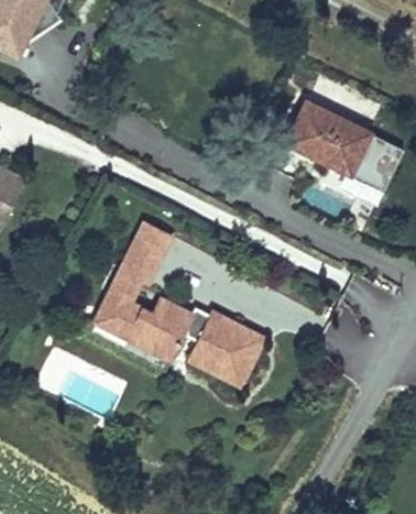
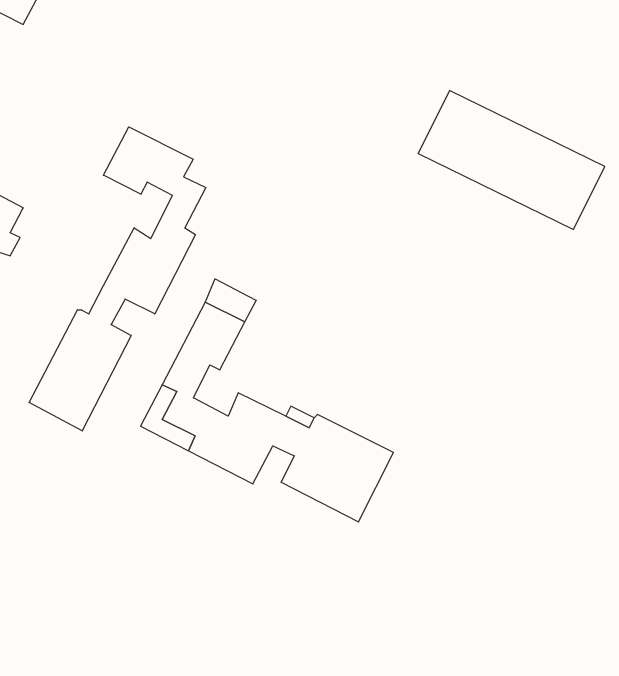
building: none -> [29,127,206,431]

